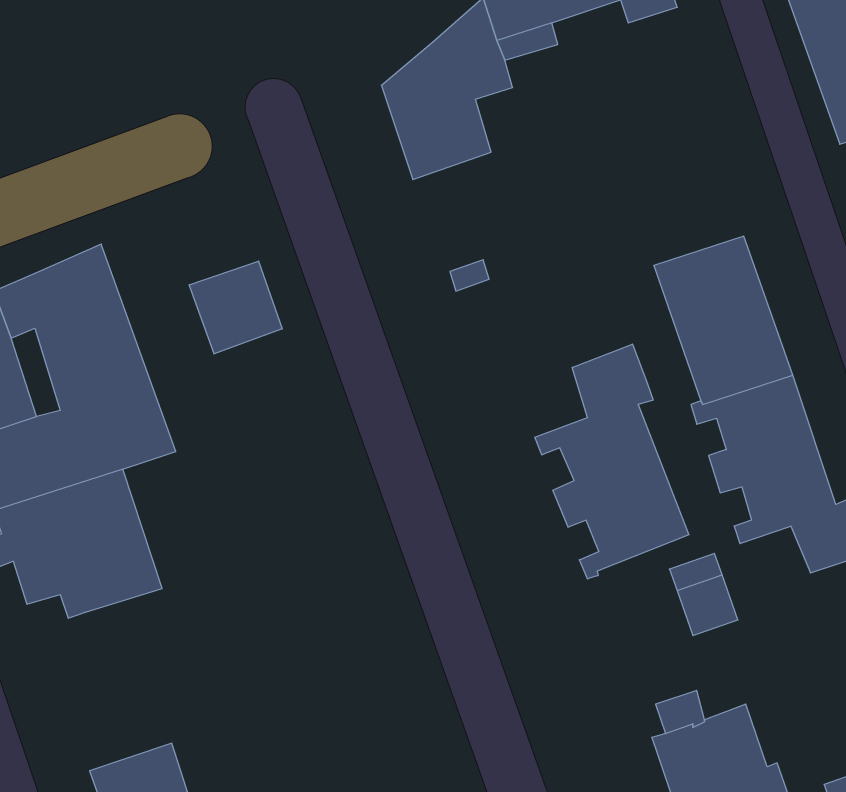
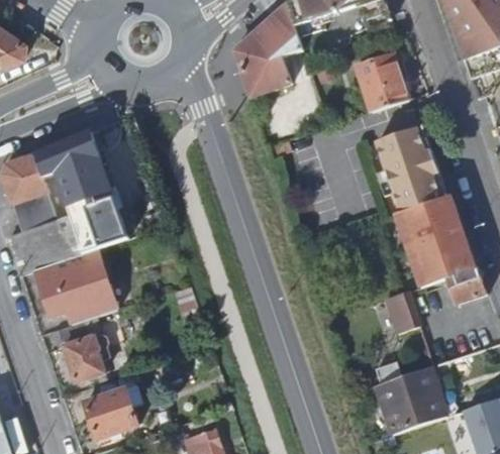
building: none -> [356,53,407,110]
building: [189,261,282,354] -> none
building: [535,344,689,579] -> none
building: none -> [57,320,109,381]

